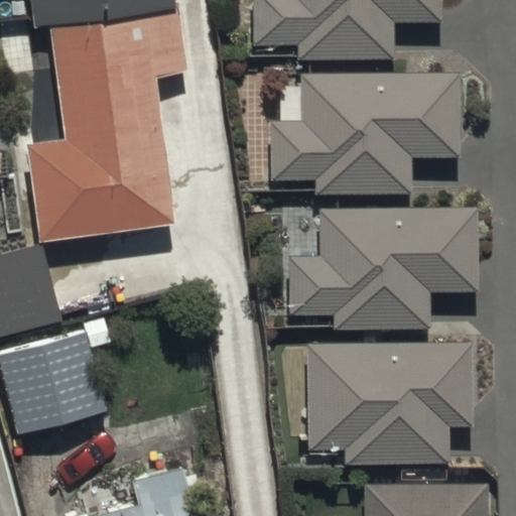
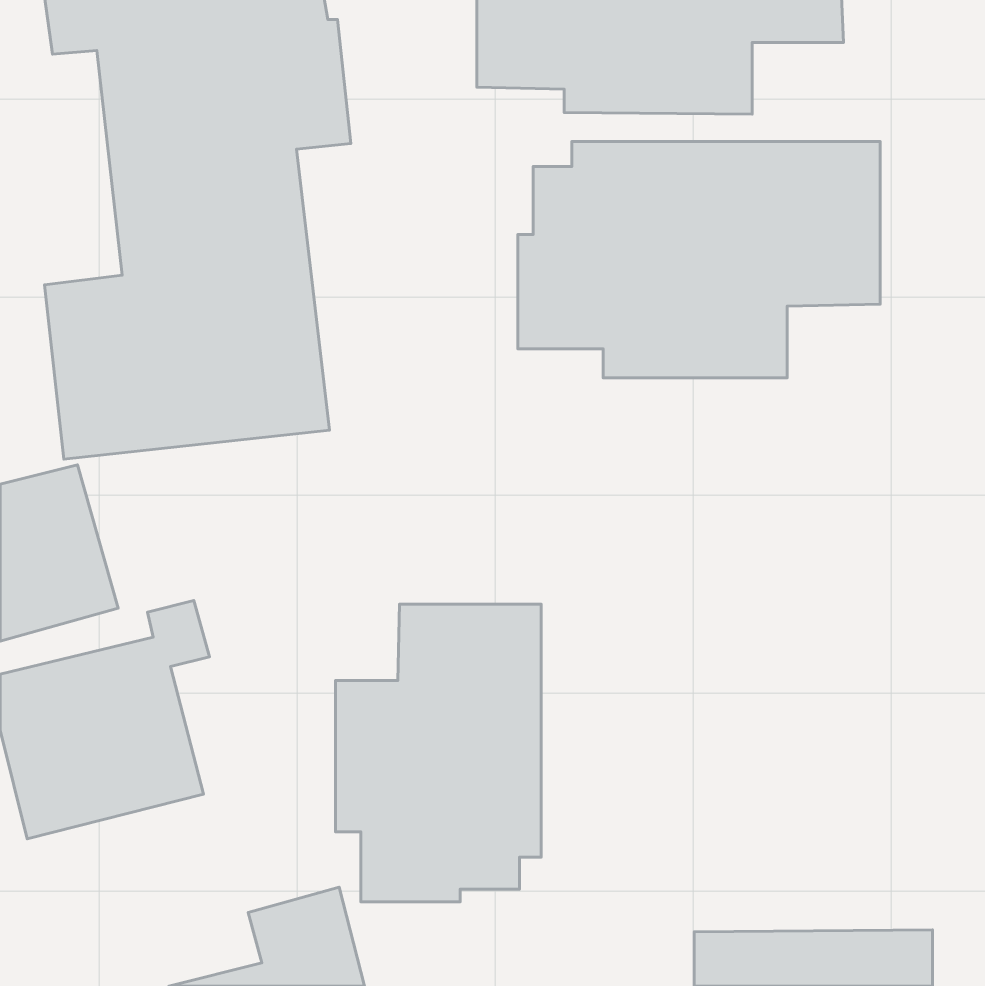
building: [290,207,477,332] -> none
building: none -> [335,604,541,902]
building: [307,341,473,465] -> none

